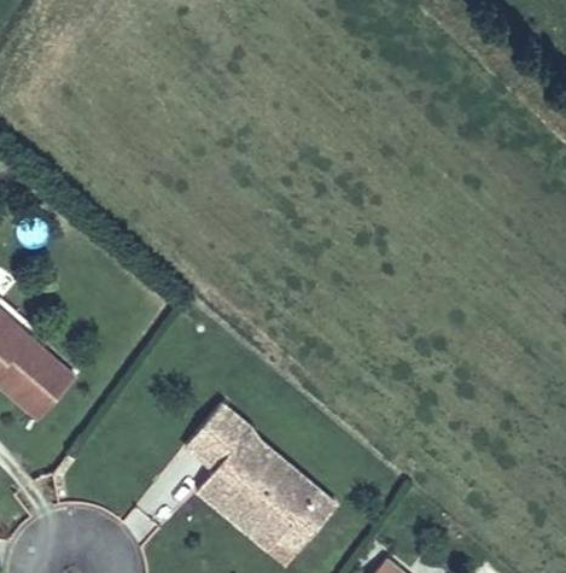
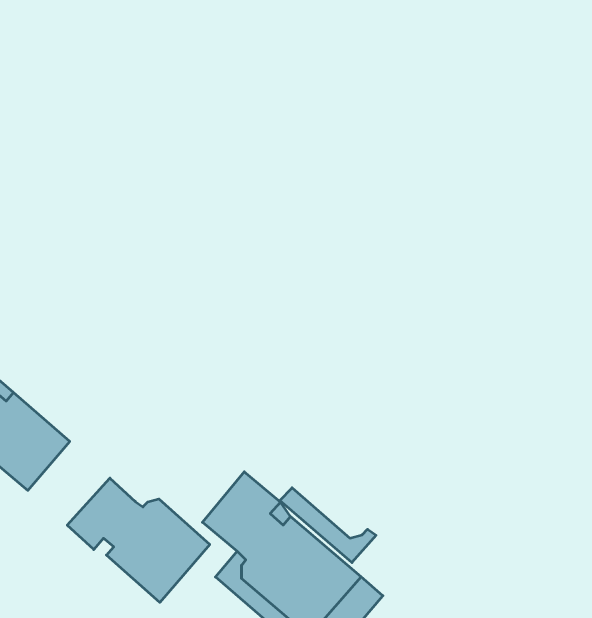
building: none -> [67,478,210,602]
building: none -> [280,488,376,563]

